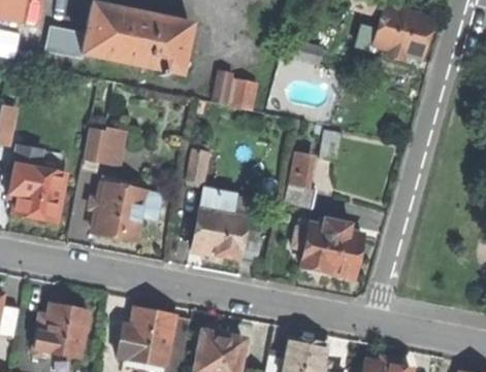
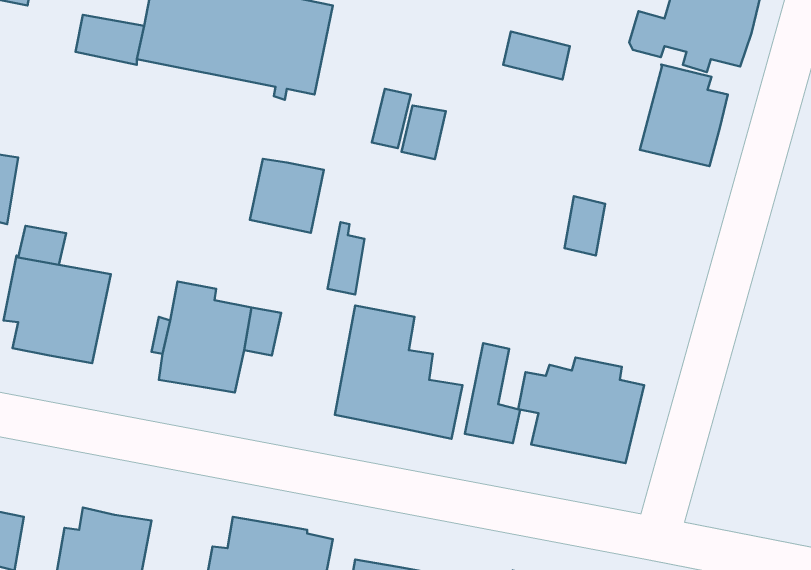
building: none -> [640,65,728,166]
building: [86,124,127,165] -> [250,159,324,233]
building: [287,153,318,208] -> [465,343,520,443]

